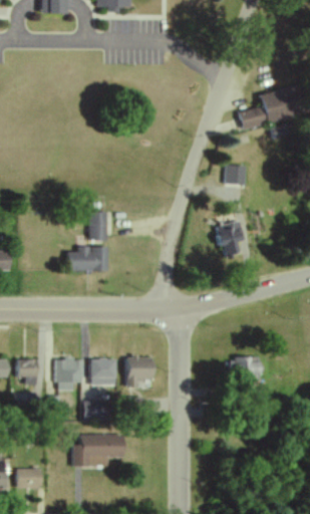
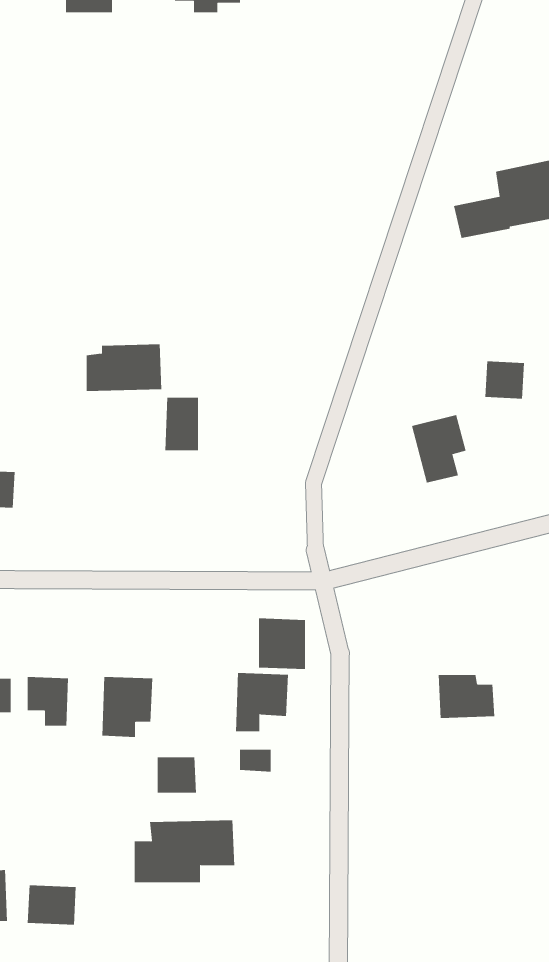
building: [226,165,247,185] -> [485,361,525,399]
building: [68,246,108,271] -> [86,344,162,392]
building: [90,358,115,386] -> [258,618,306,670]

